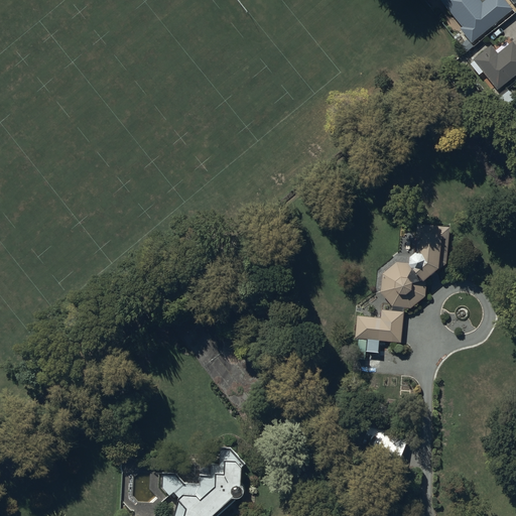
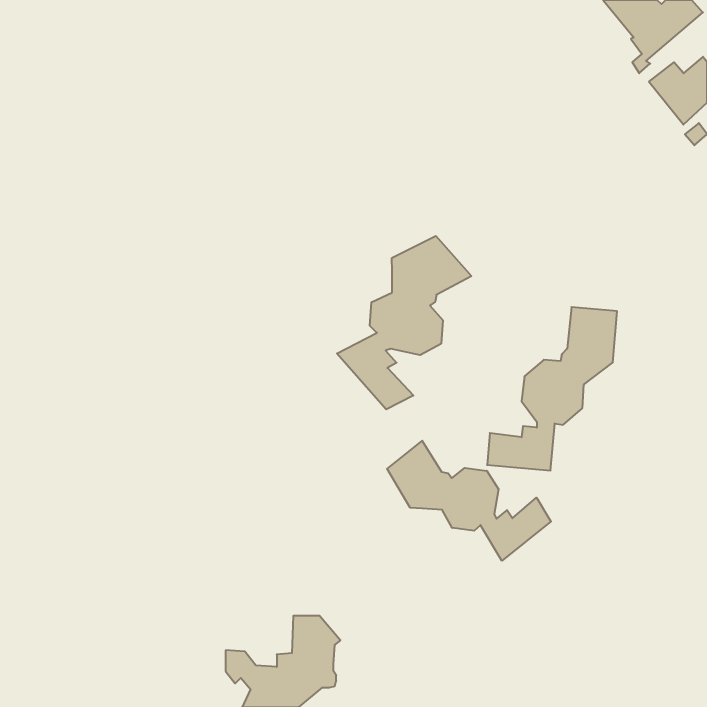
building: none -> [337,236,471,409]
building: none -> [387,441,551,561]

